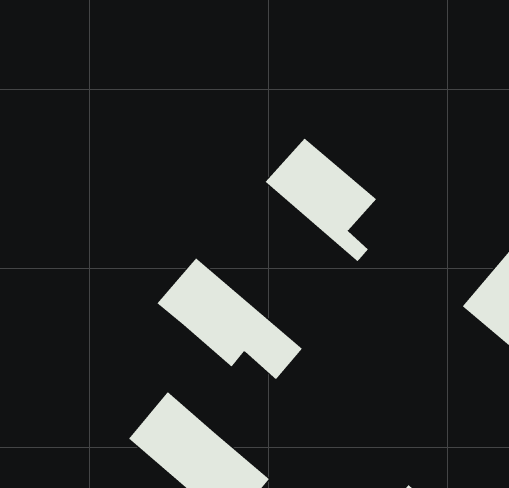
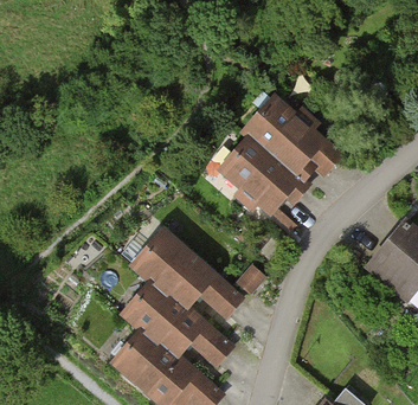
building: none -> [242,94,345,184]
building: none -> [126,278,231,364]

